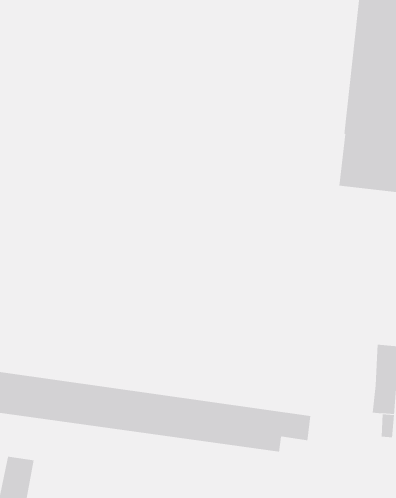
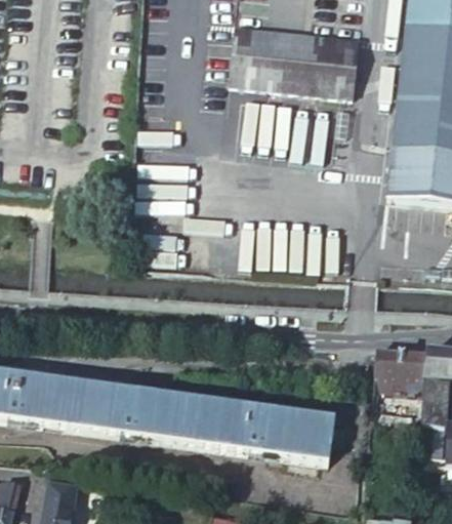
building: none -> [230,24,358,92]
building: none -> [374,346,426,393]

